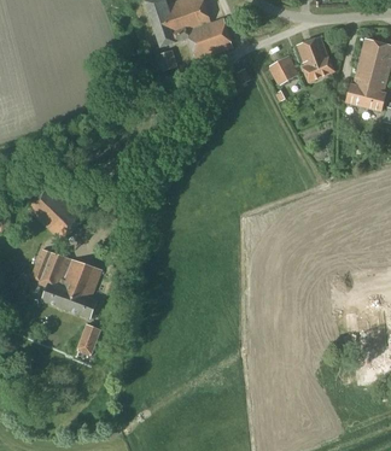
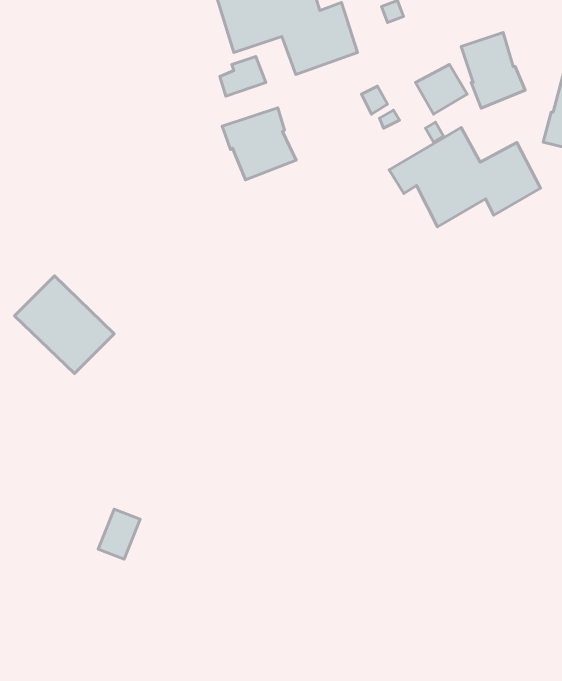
building: none -> [222,108,296,180]
building: none -> [389,127,540,227]
building: [30,248,103,320] -> none

